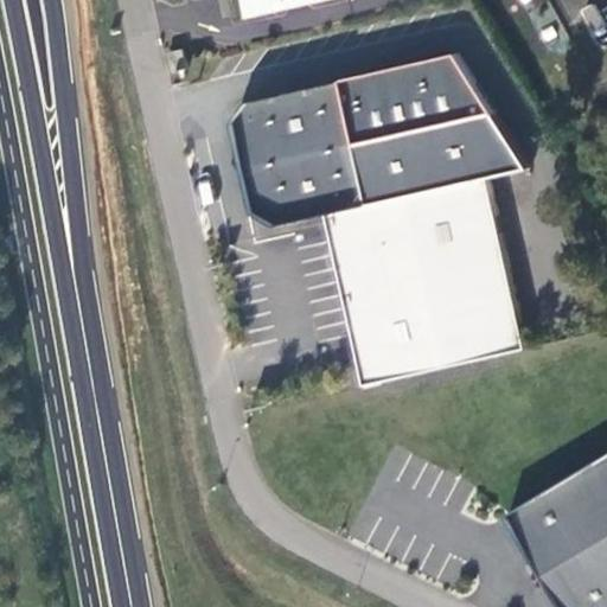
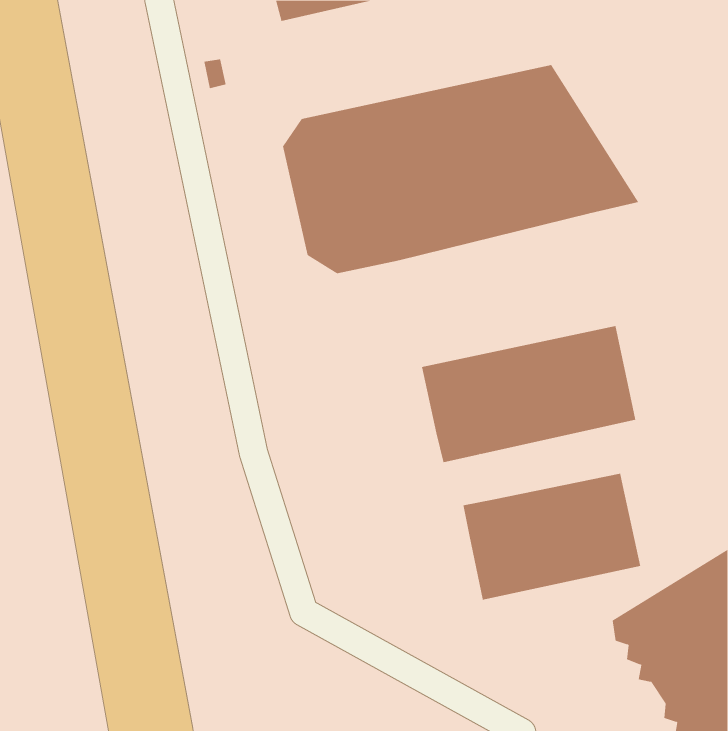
building: [330,178,510,305] -> none
building: none -> [463,473,641,600]

